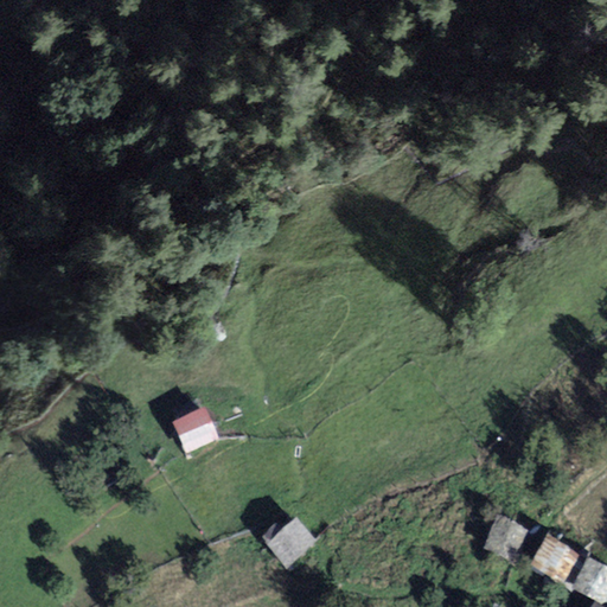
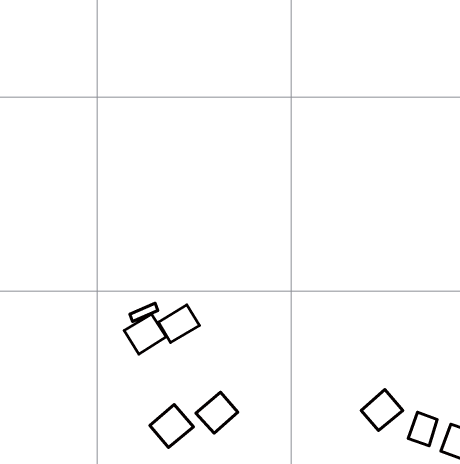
building: none -> [159,305,200,343]
building: none -> [150,405,194,448]

